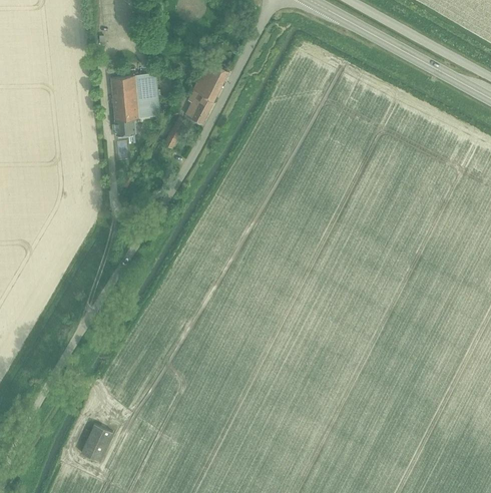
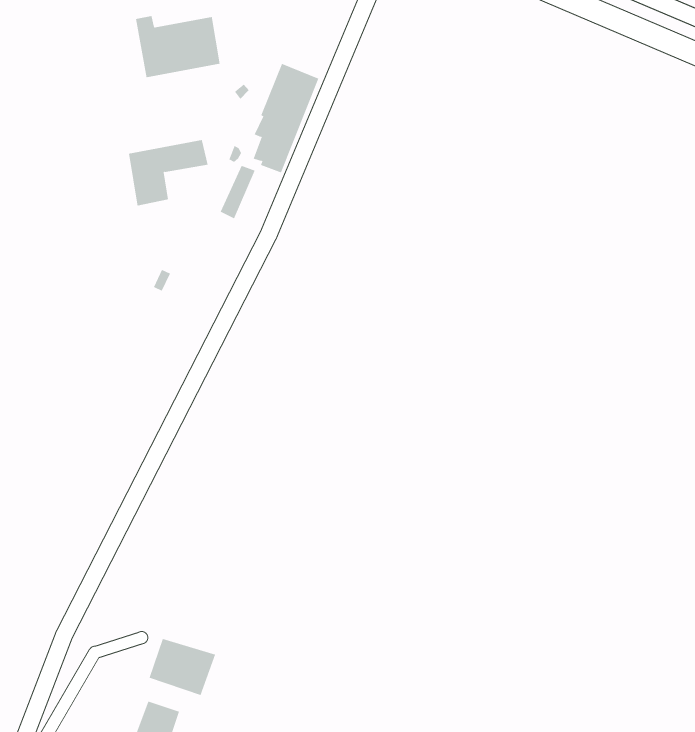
building: [110,70,157,106] -> [135,15,220,78]
building: none -> [149,638,216,696]

